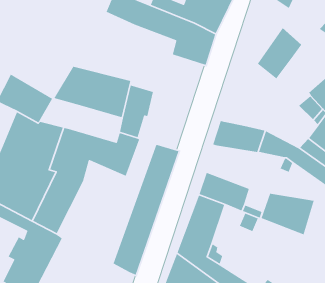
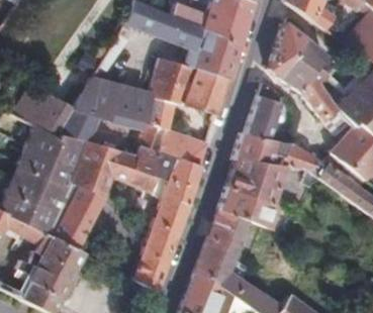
building: none -> [270,21,306,75]
building: none -> [148,58,228,113]
building: none -> [300,67,335,117]
building: none -> [247,82,282,137]
building: none -> [59,110,101,141]
building: none -> [159,128,208,164]
building: [261,193,315,235] -> [228,159,284,202]

